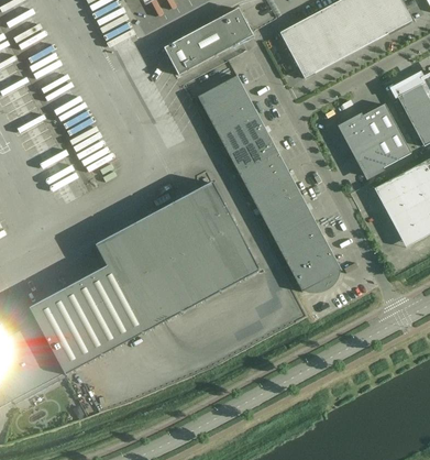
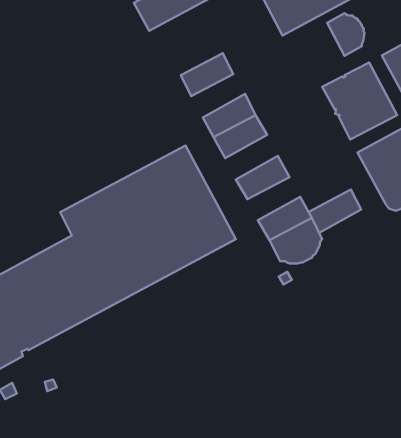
building: none -> [327,13,365,56]
building: [197,75,247,116] -> none
building: [218,114,268,155] -> none
building: [250,172,299,213] -> none
building: [271,211,320,252] -> [309,190,361,233]

